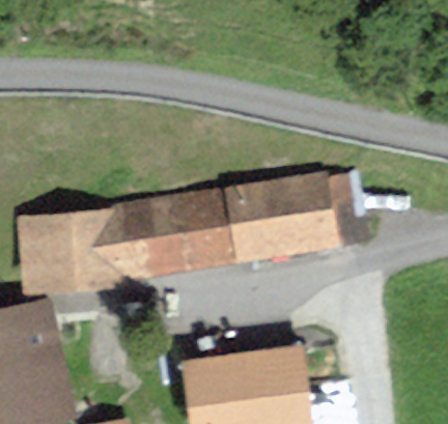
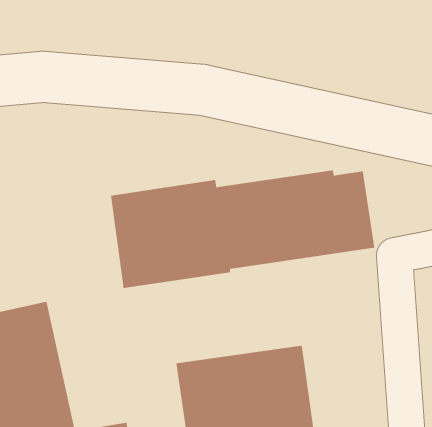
building: [11,195,124,300] -> none

